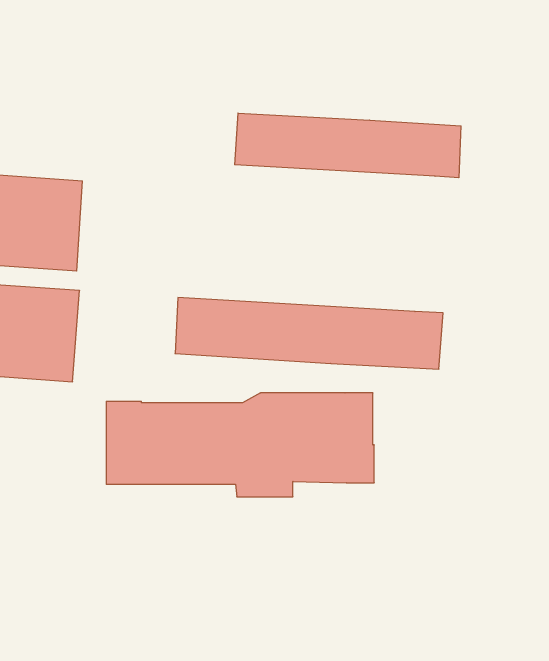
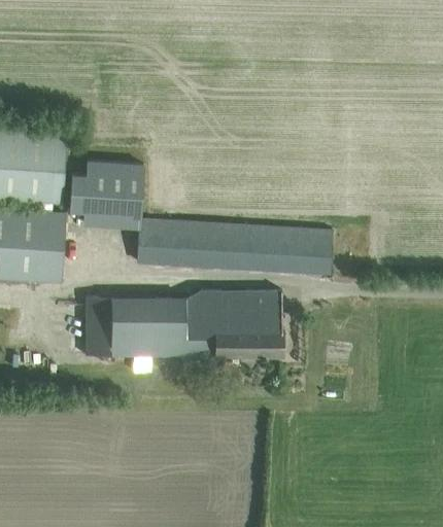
building: [235,113,461,178] -> none
building: none -> [70,159,142,226]

